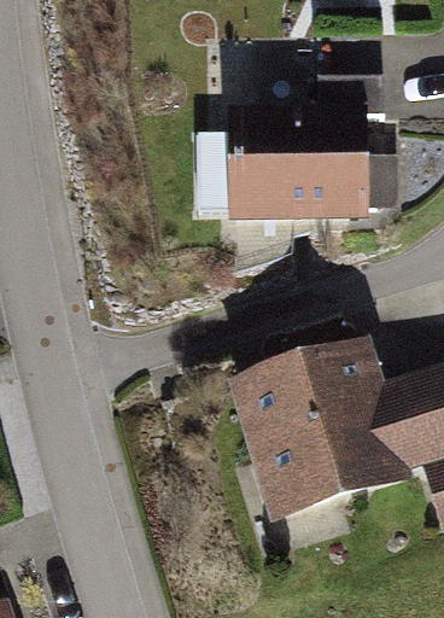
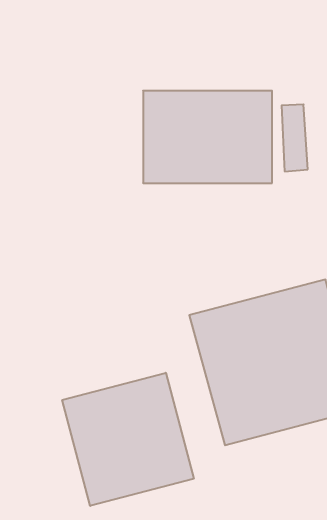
building: none -> [62,373,194,506]

